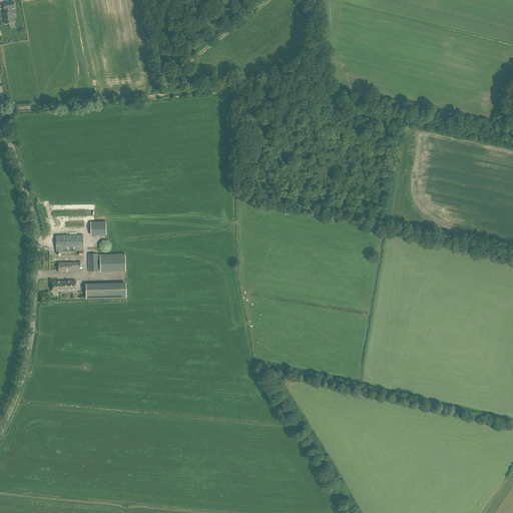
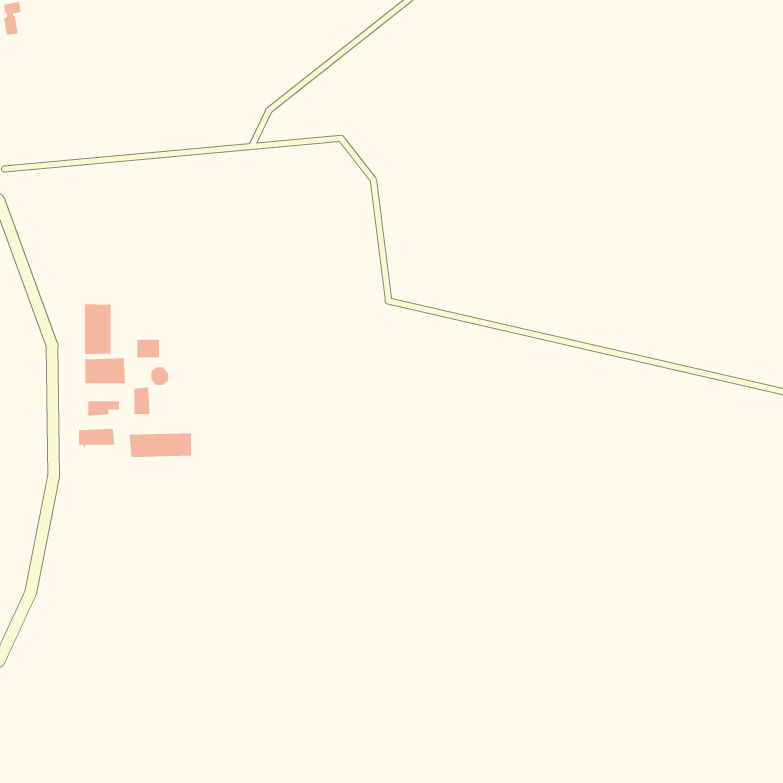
building: none -> [84,303,111,355]
building: [99,253,125,271] -> none

